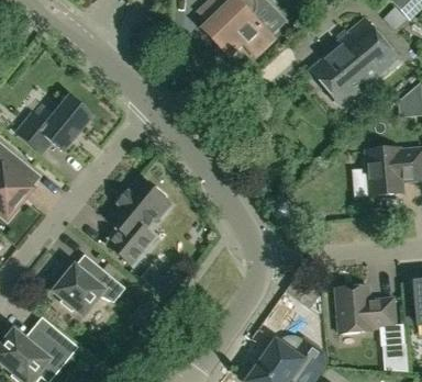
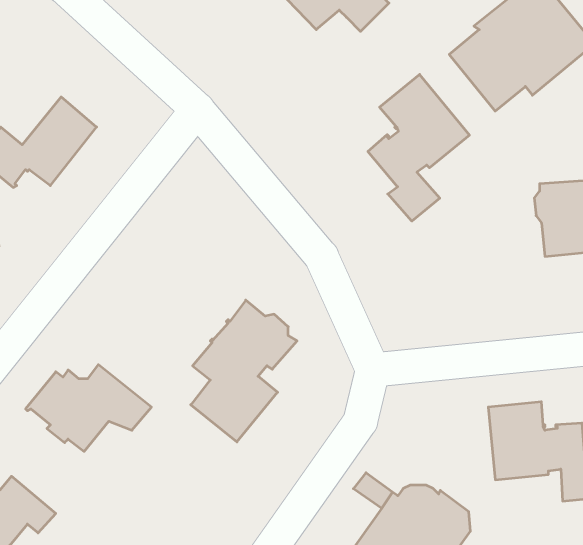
building: none -> [368,74,469,221]
building: [104,178,170,266] -> [191,300,297,442]

